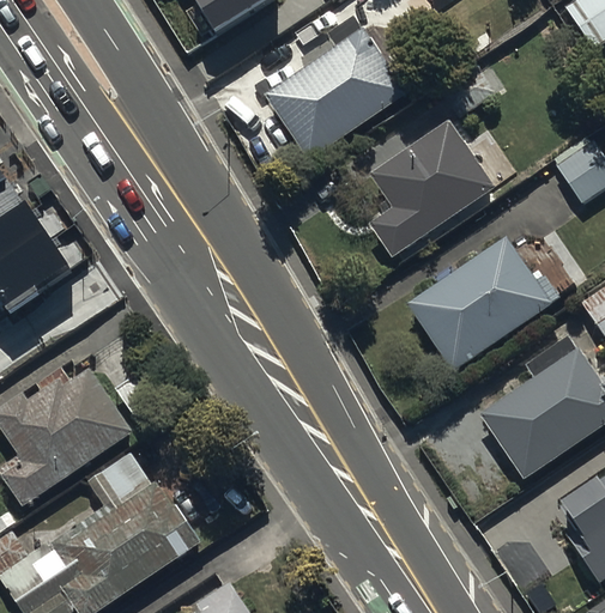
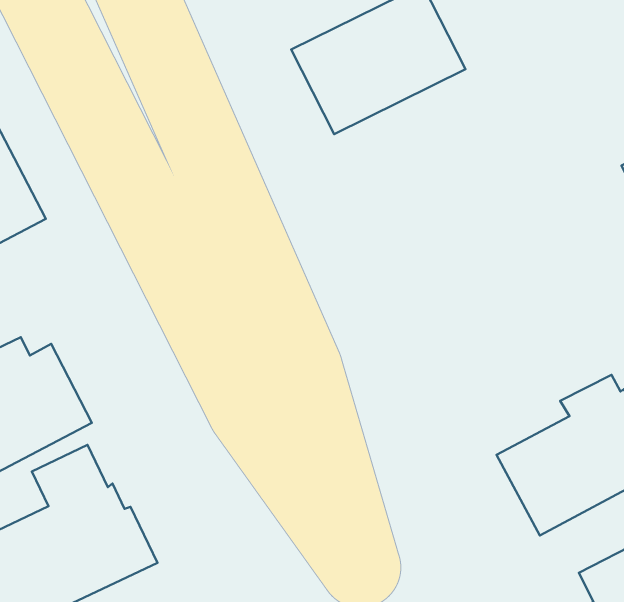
building: [368,119,497,259] -> none
building: [409,237,561,372] -> none

